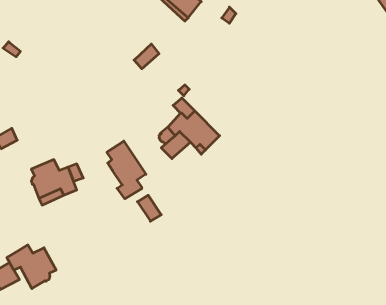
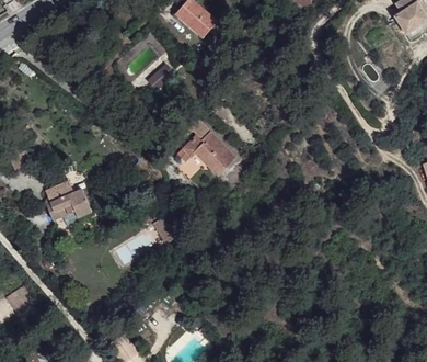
building: [107,141,146,199] -> none
building: [7,245,56,289] -> none

